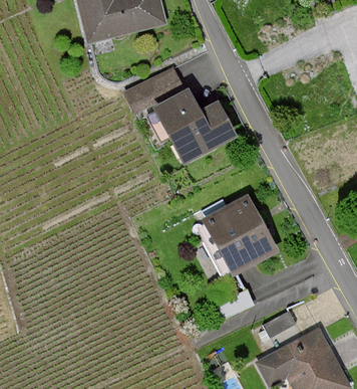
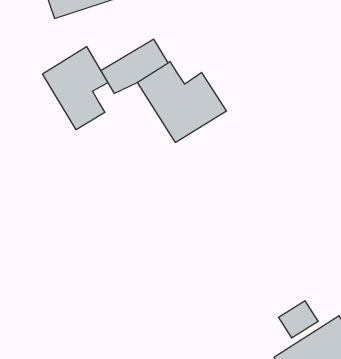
building: none -> [43,47,108,130]
building: [204,196,276,273] -> none

